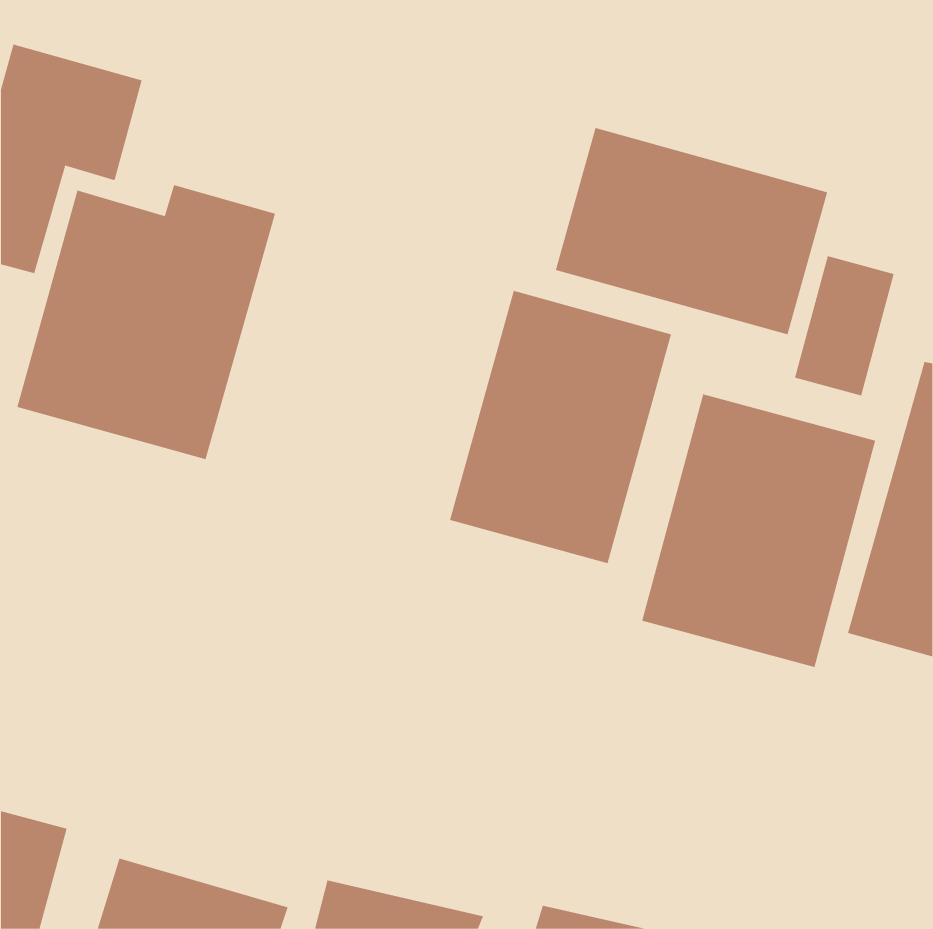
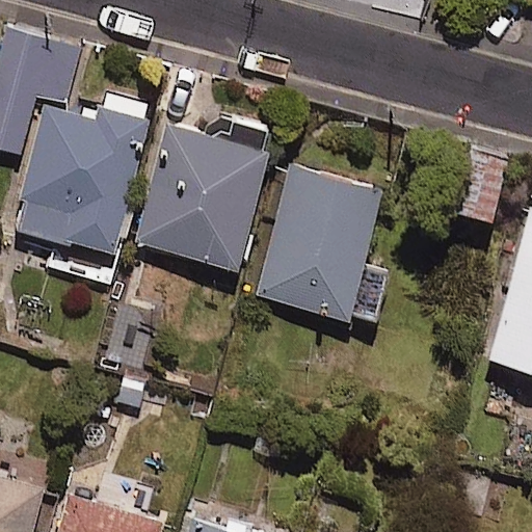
building: [555,127,828,335] -> none
building: none -> [131,126,272,273]
building: [642,393,876,668] -> none

